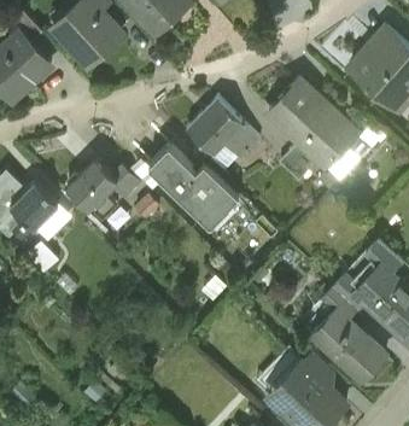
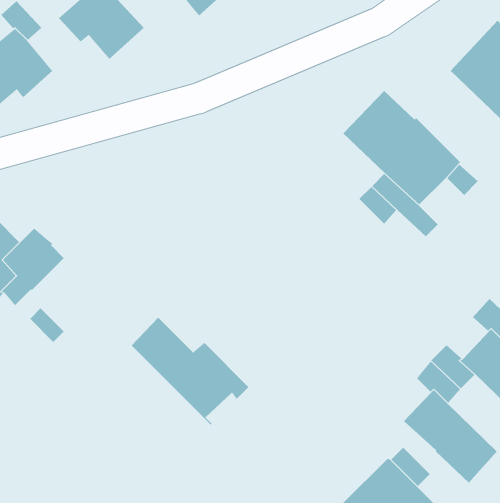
building: [186,99,258,161] -> none
building: [148,146,238,228] -> [131,317,249,425]
building: [66,162,140,211] -> none

